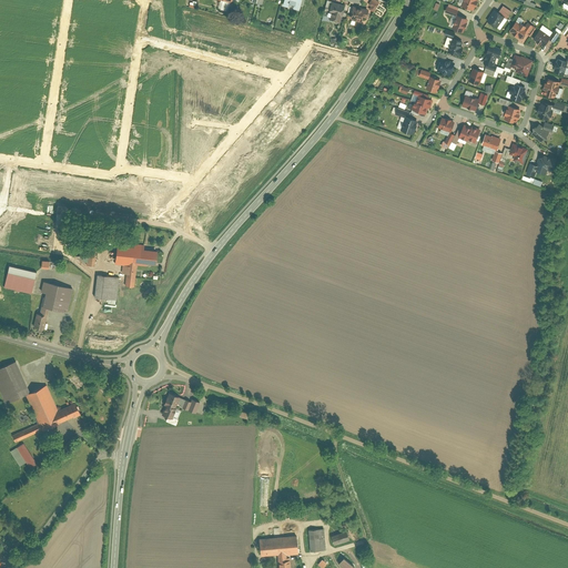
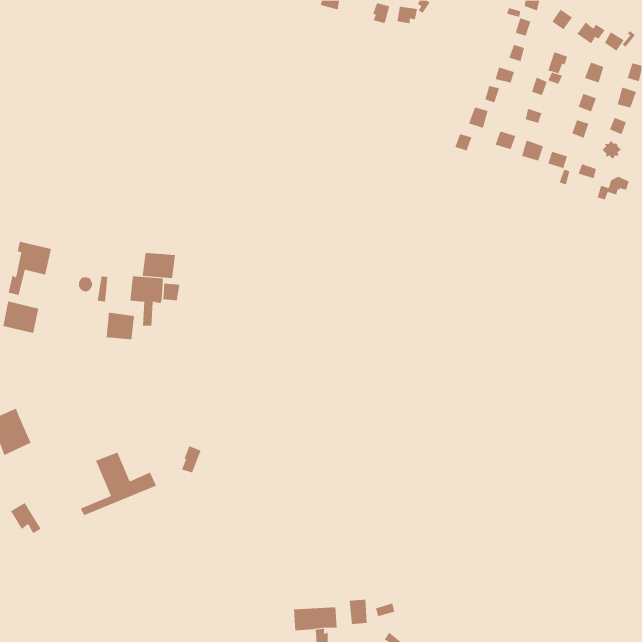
building: none -> [142,252,175,279]
building: [32,284,71,332] -> [8,241,52,295]
building: [11,385,79,442] -> [80,452,157,516]

